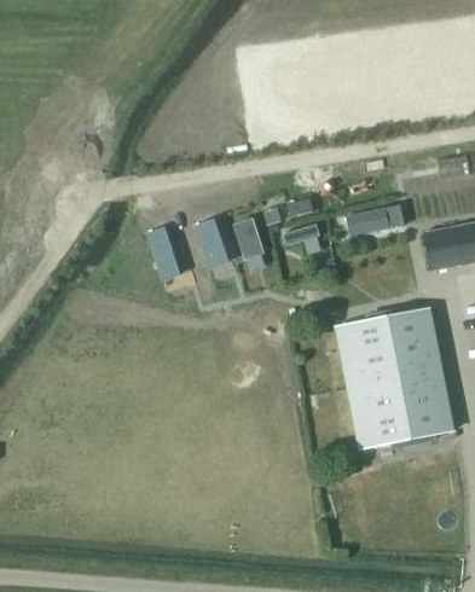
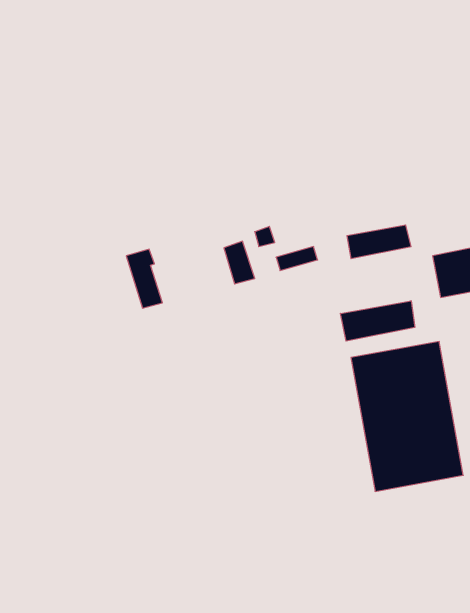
building: [193,217,227,267] -> none
building: none -> [340,301,415,341]

